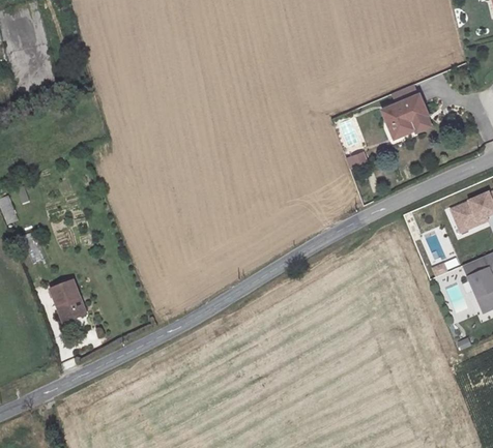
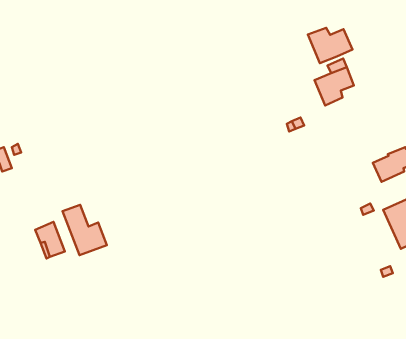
building: none -> [308,28,352,63]
building: none -> [63,205,107,255]

